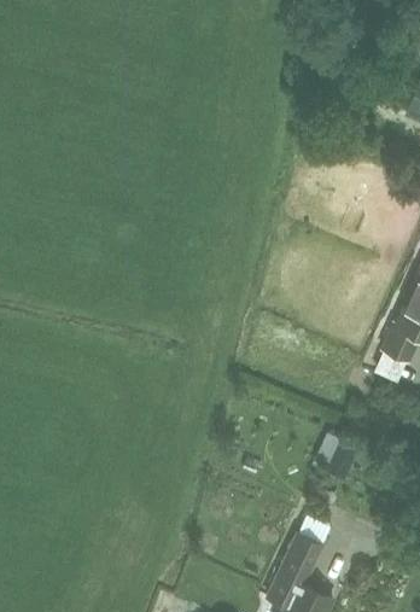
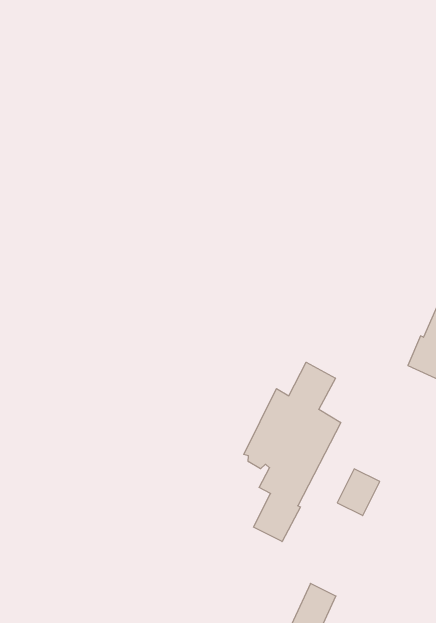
building: none -> [244,362,341,542]

